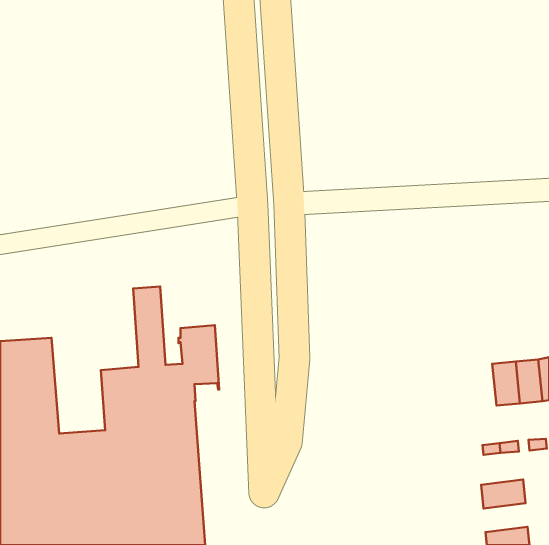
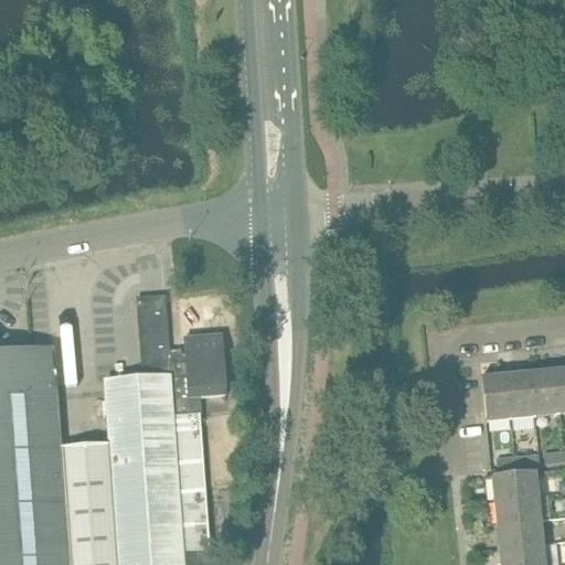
building: none -> [480,374,510,422]
building: none -> [490,469,537,499]
building: none -> [497,518,542,547]

